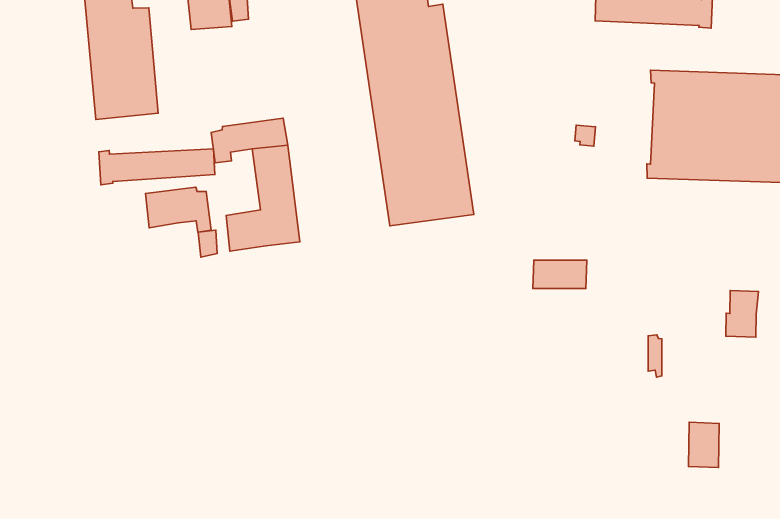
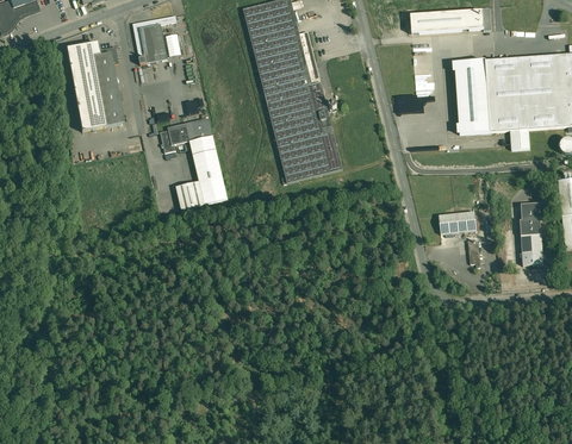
building: [99,149,215,185] -> none
building: [145,187,211,232] -> none
building: [533,260,587,289] -> [439,211,475,233]
building: [689,422,719,468] -> [520,233,542,264]

